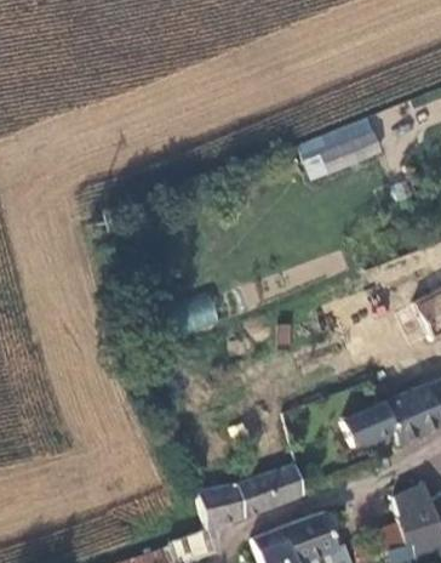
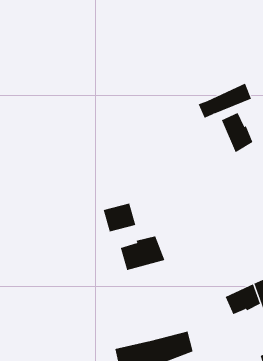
building: none -> [221,112,253,153]
building: none -> [120,236,165,271]

